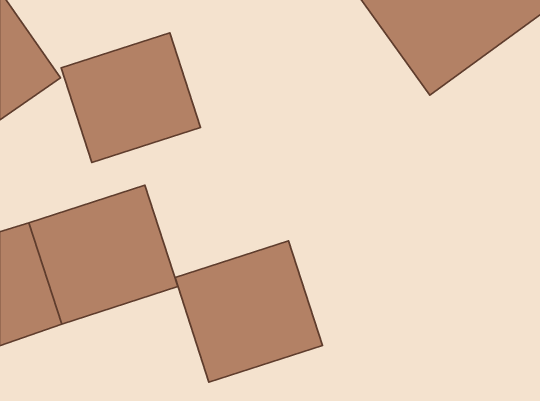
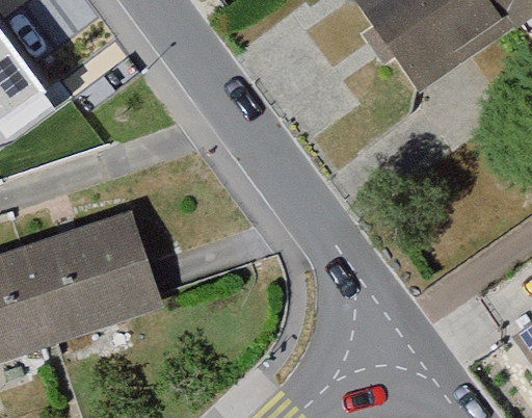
building: [61,33,201,163] -> none
building: [175,241,322,382] -> none

